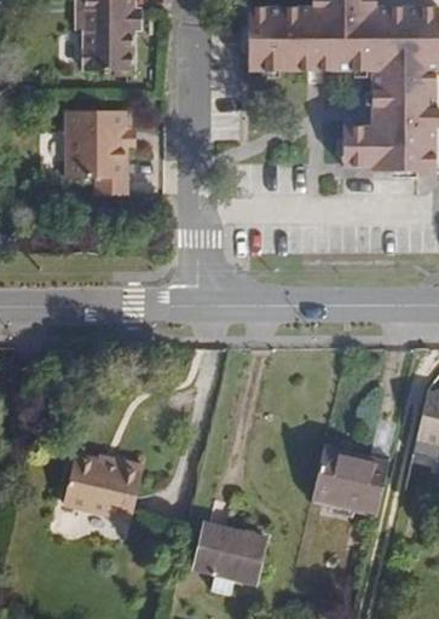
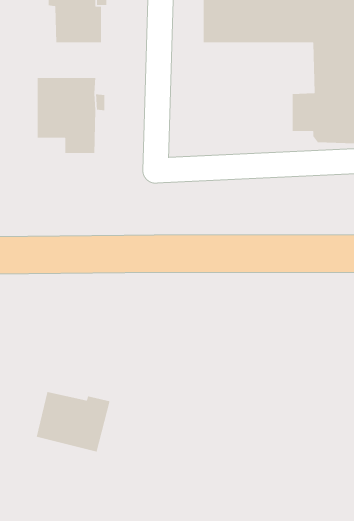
building: [310,441,389,517] -> none
building: [193,522,265,585] -> none

